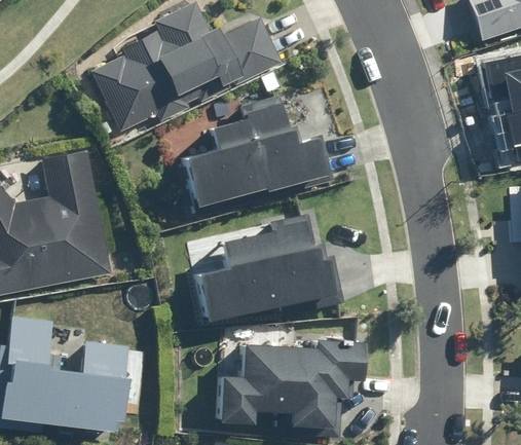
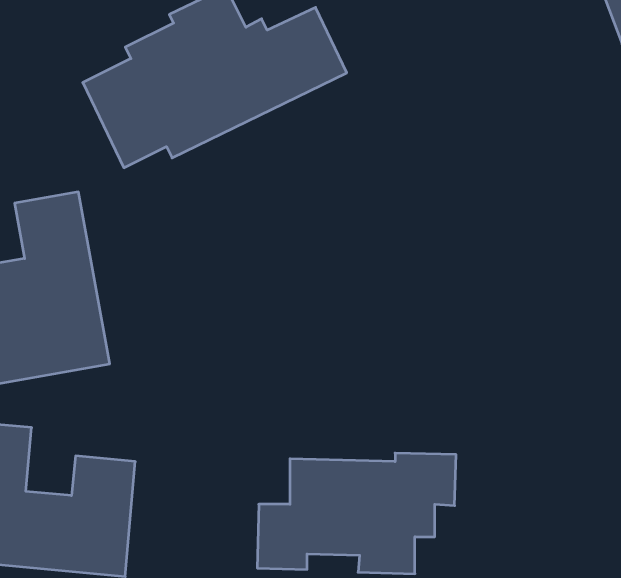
building: [173,81,333,218] -> none
building: [194,207,345,322] -> none

